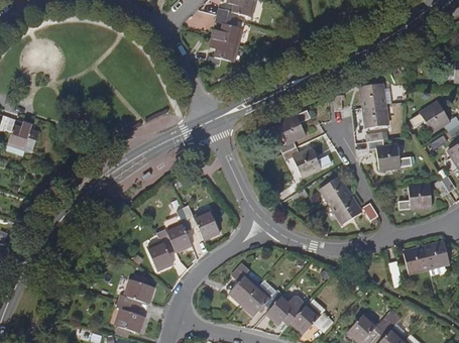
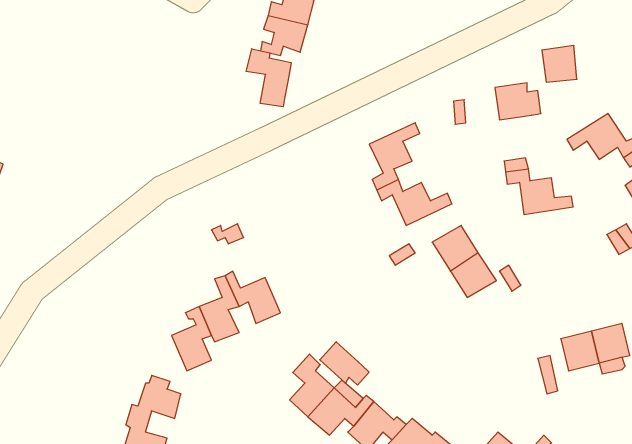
building: none -> [246,49,291,107]
building: [364,104,387,128] -> [542,46,577,82]
building: [391,185,425,211] -> none
building: none -> [320,342,369,385]

